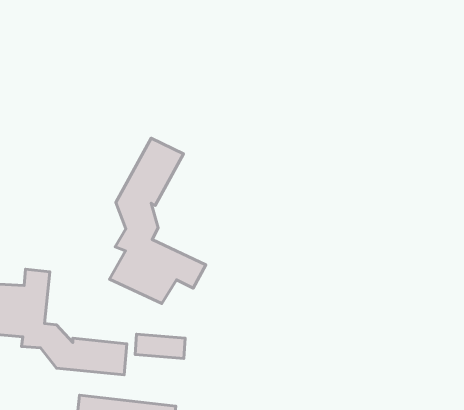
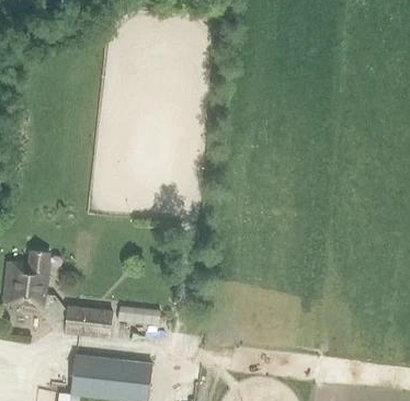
building: [110,138,206,304] -> none

